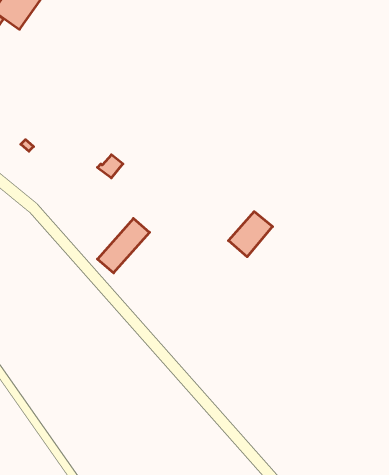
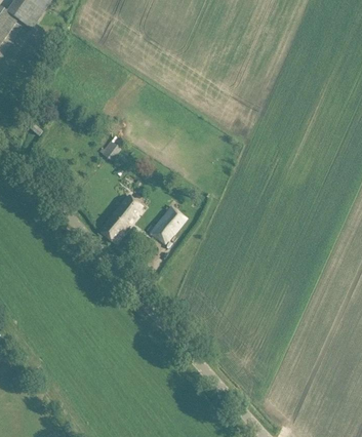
building: [228,212,273,257] -> [150,205,189,245]

